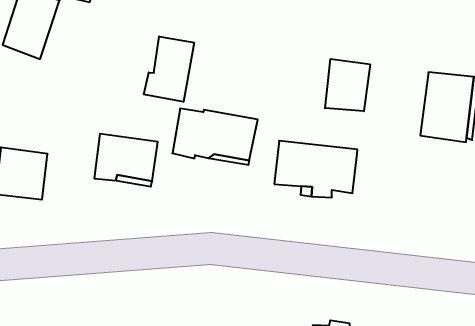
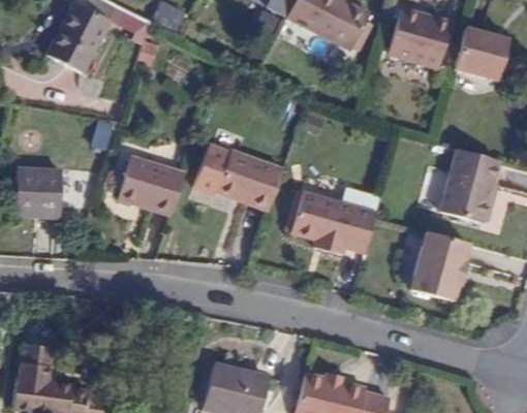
building: [144,36,194,102] -> none
building: [325,59,370,111] -> none
building: none -> [409,231,468,301]

